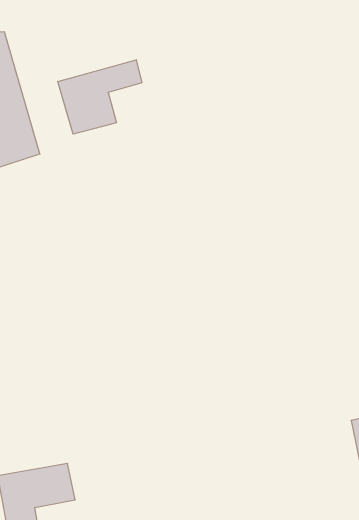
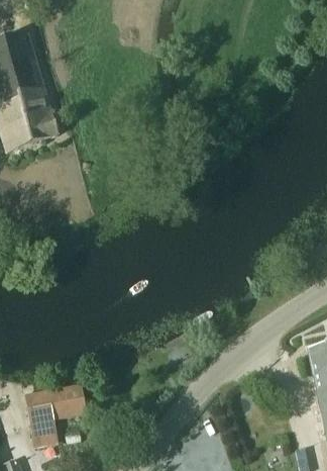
building: [58,60,142,134] -> none

